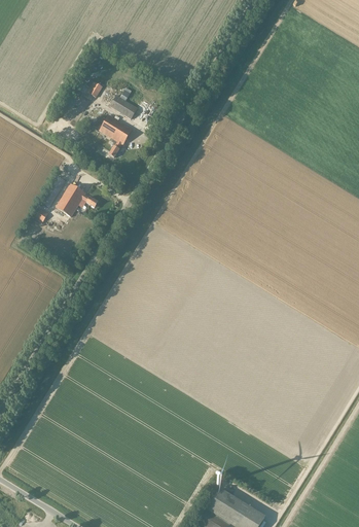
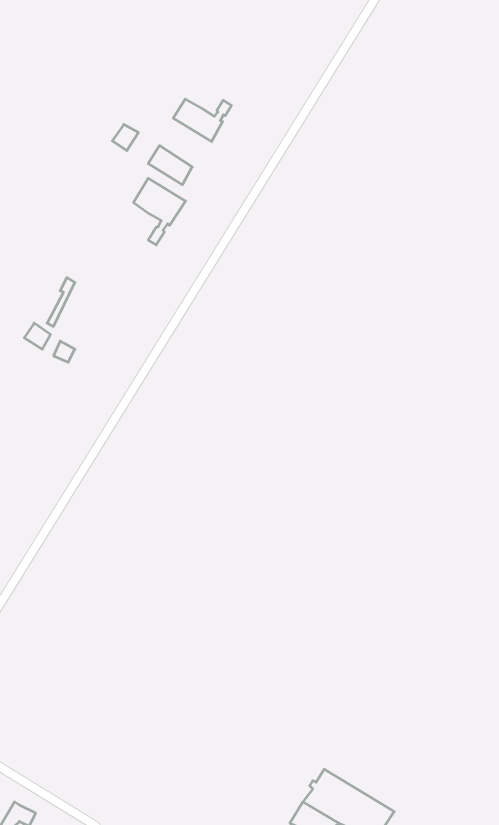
building: none -> [173,99,231,142]
building: [56,184,98,217] -> none

